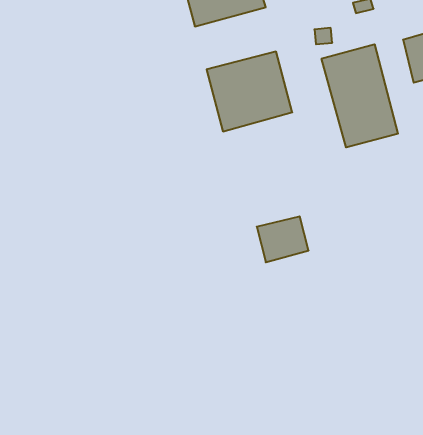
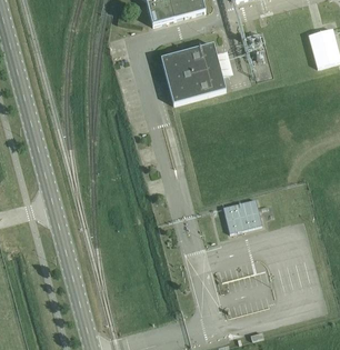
building: [322,44,398,147] -> none
building: [257,216,309,262] -> [223,197,262,231]

